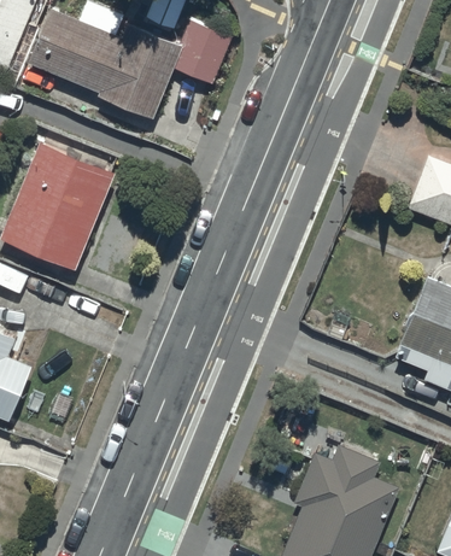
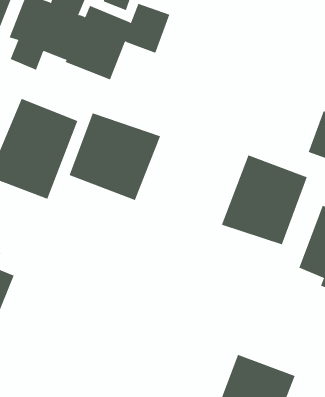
building: none -> [69,113,161,201]
building: none -> [221,154,307,245]

